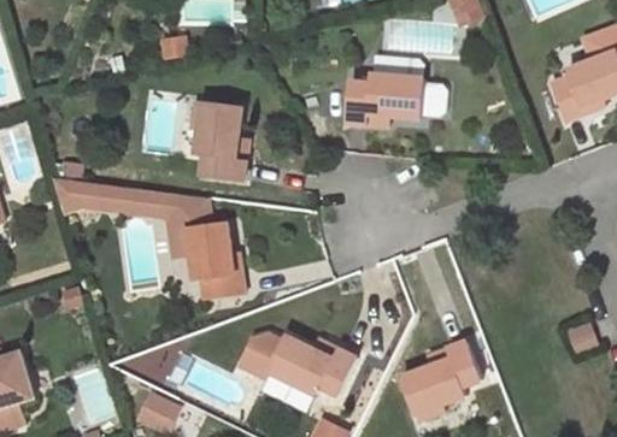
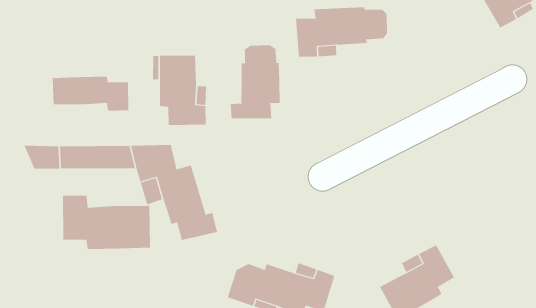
building: none -> [230,44,280,119]
building: none -> [52,76,129,111]
building: none -> [63,195,150,250]

